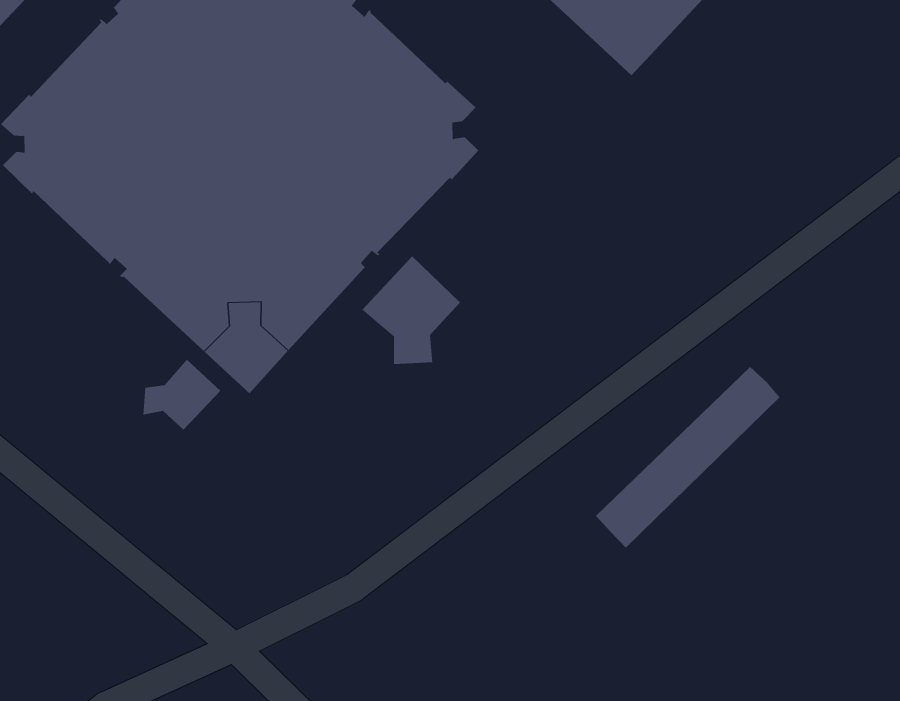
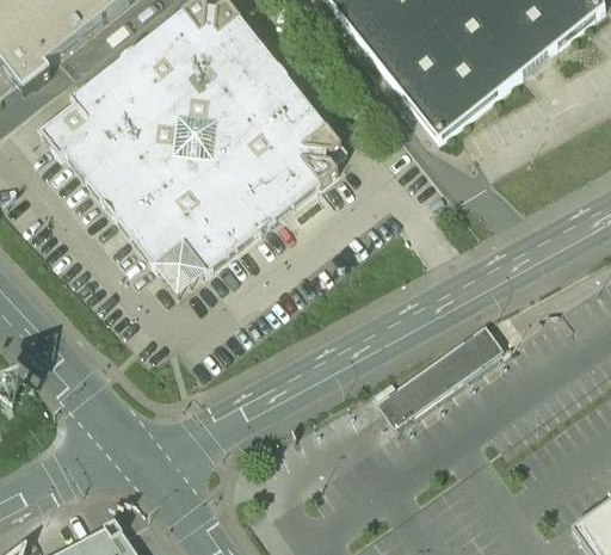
building: [362,255,461,365] -> none
building: [143,359,221,430] -> none

